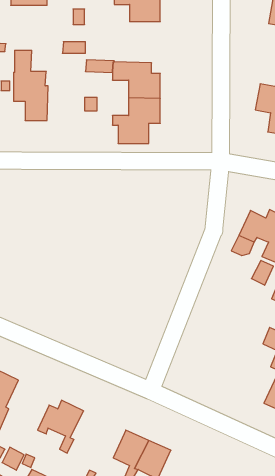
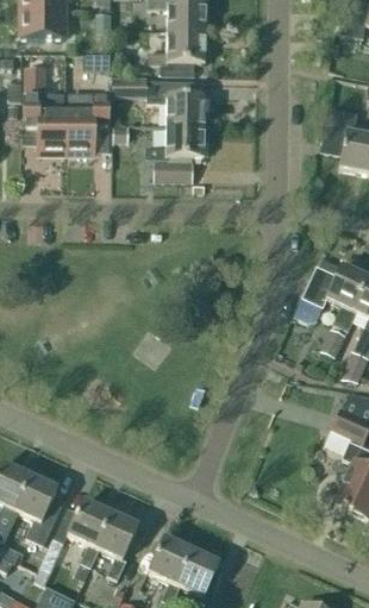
building: none -> [20,8,65,35]
building: none -> [149,29,206,74]
building: none -> [65,92,110,151]
building: none -> [14,474,57,543]
building: none -> [94,510,138,576]

